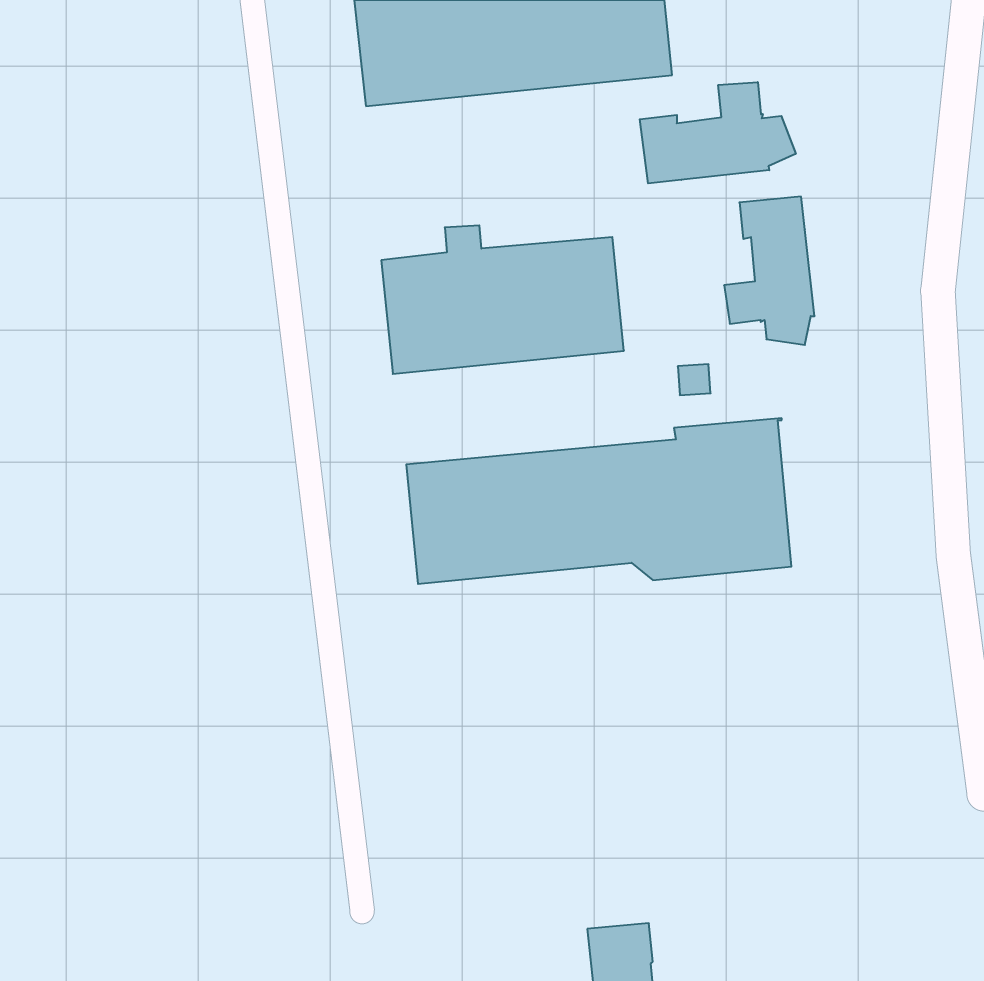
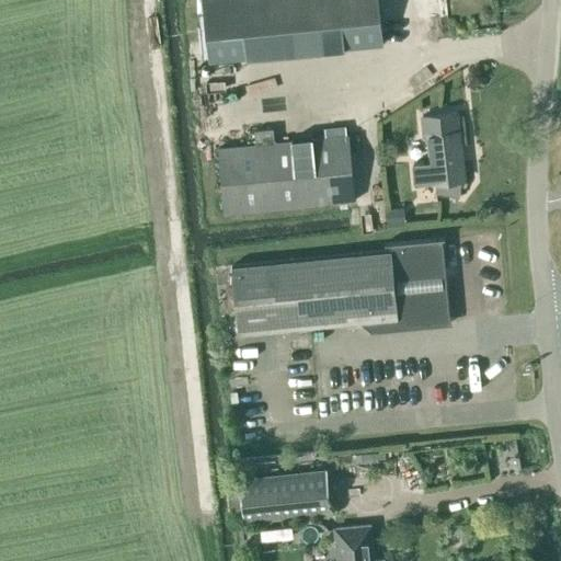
building: [640,82,796,183] -> none
building: none -> [239,471,330,523]

